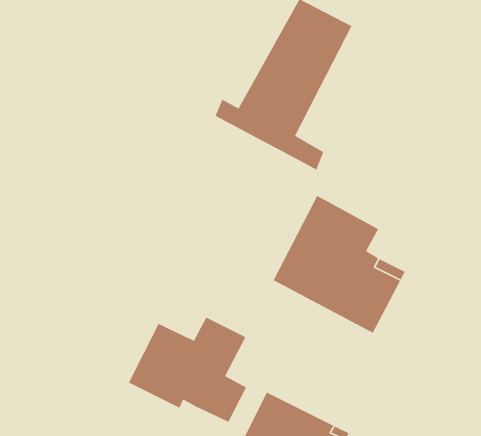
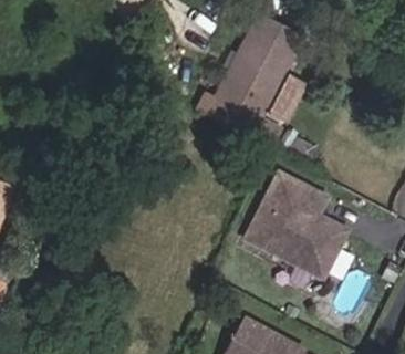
building: [128,316,247,423] -> none

